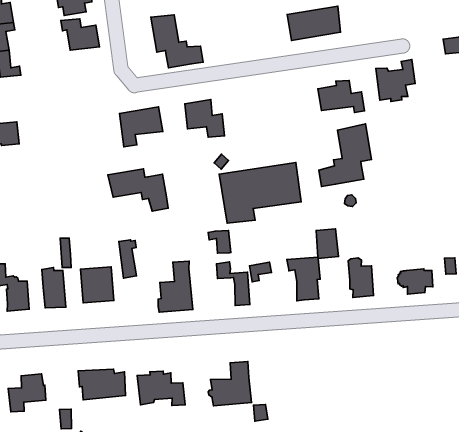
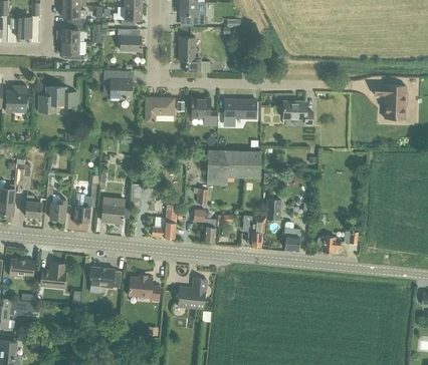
building: [287,6,341,41] -> [222,99,257,117]
building: [376,60,415,102] -> none
building: none -> [103,70,133,100]
building: [319,124,371,186] -> none
building: [108,169,168,211] -> none

